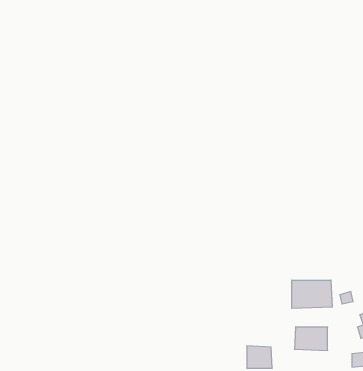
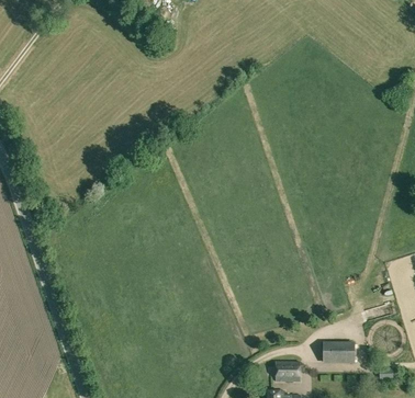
building: [292,280,332,308] -> none

